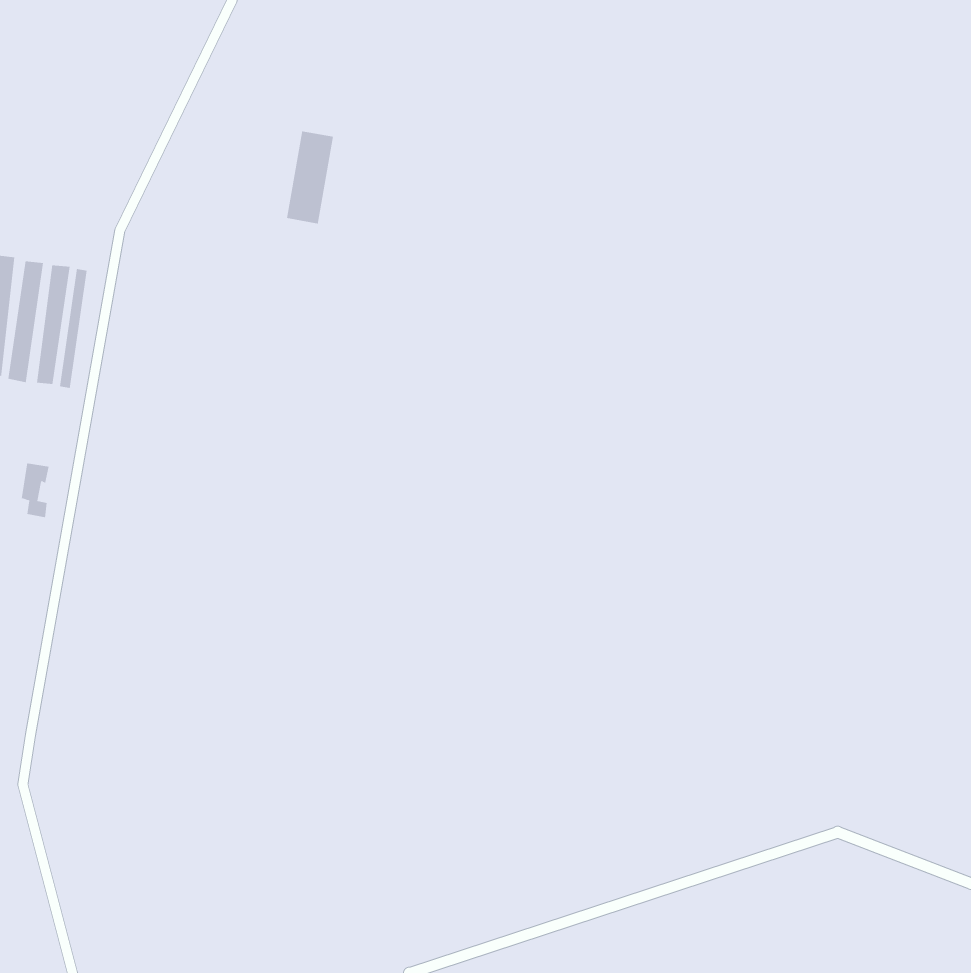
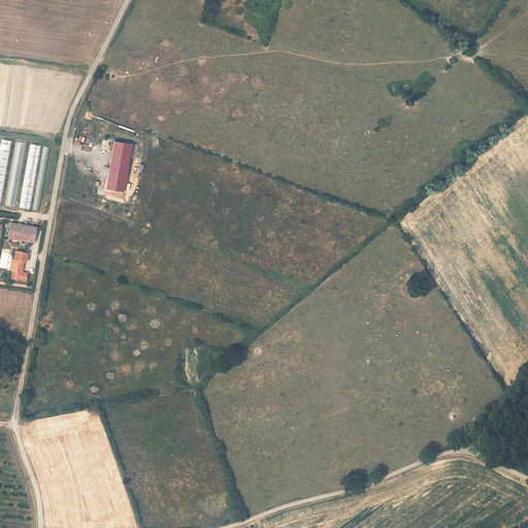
building: [286,131,334,224] -> [105,141,131,192]
building: none -> [8,223,36,242]

